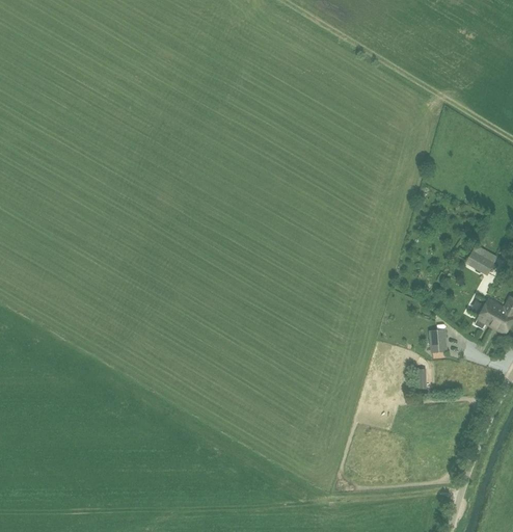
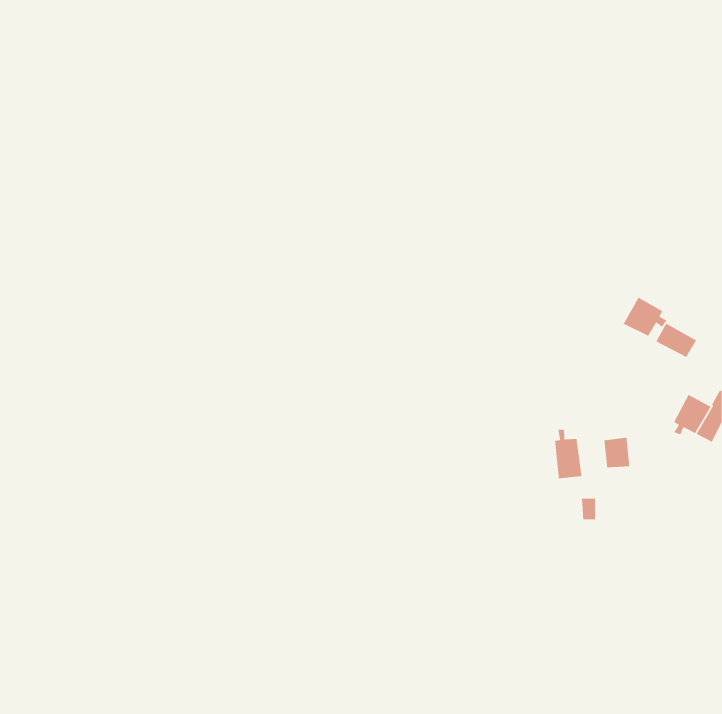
building: none -> [622,297,668,337]
building: none -> [554,429,582,479]

